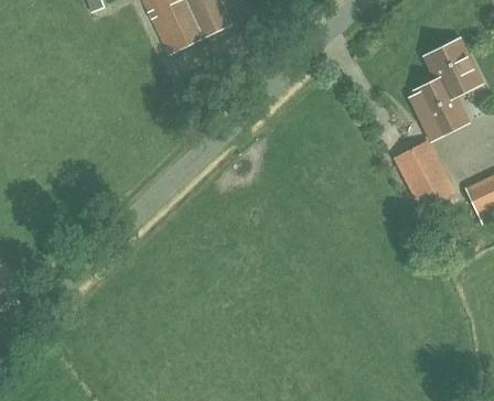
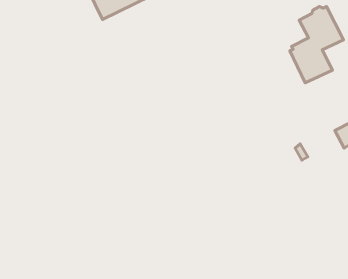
building: [396,143,457,214] -> none

